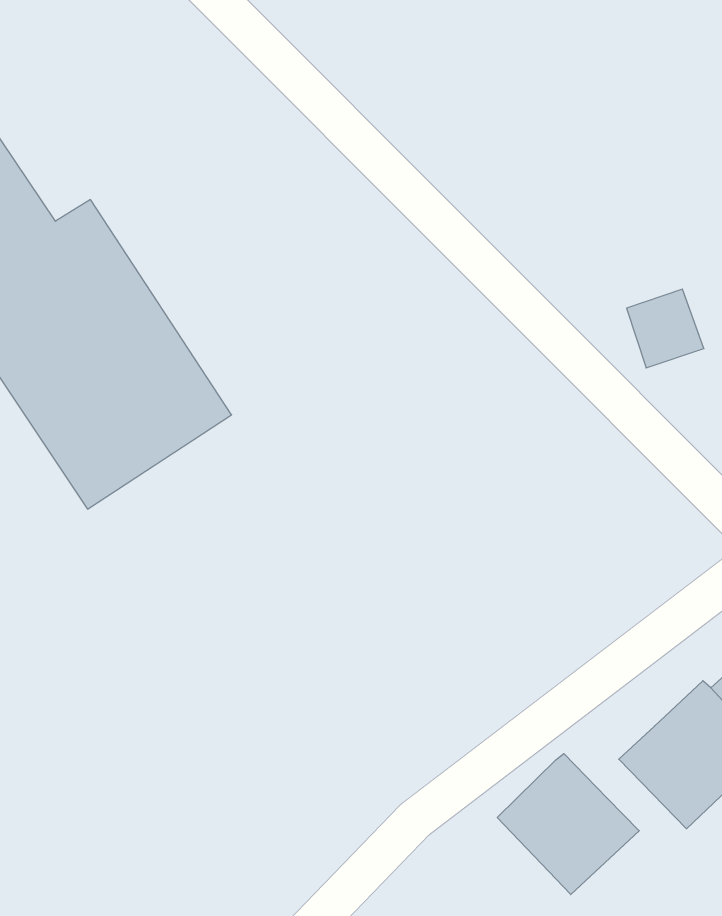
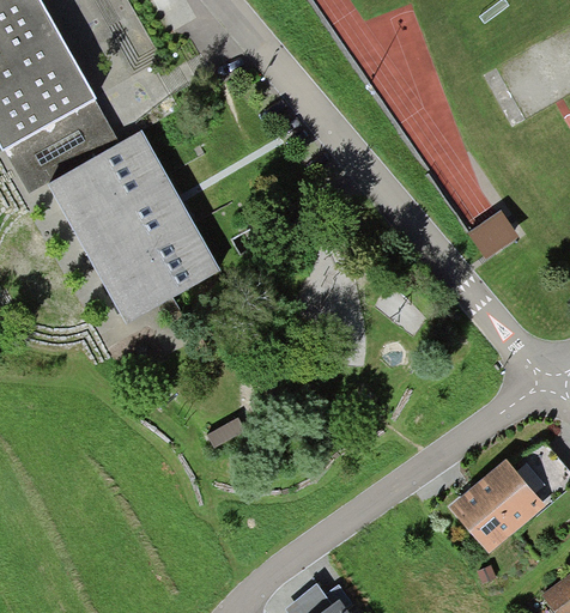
building: [497,754,639,895] -> none

